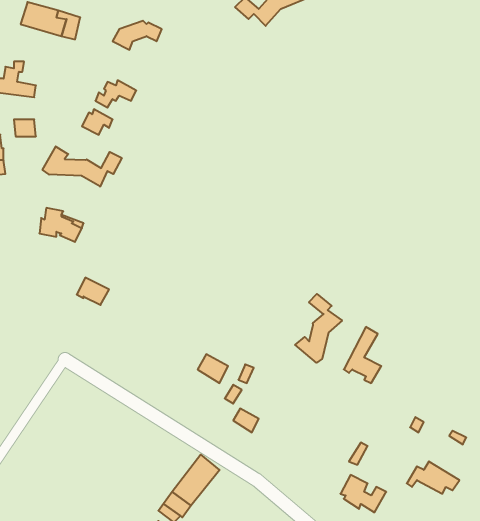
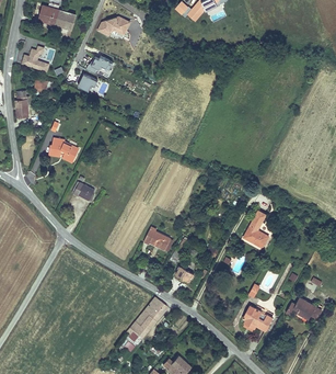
building: [43,146,122,187] -> none
building: [295,294,342,363] -> none

